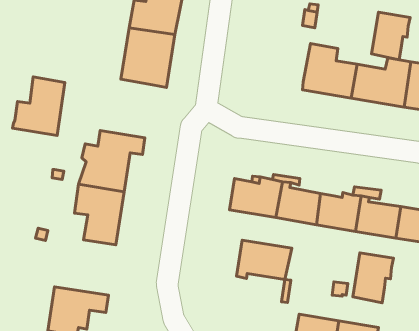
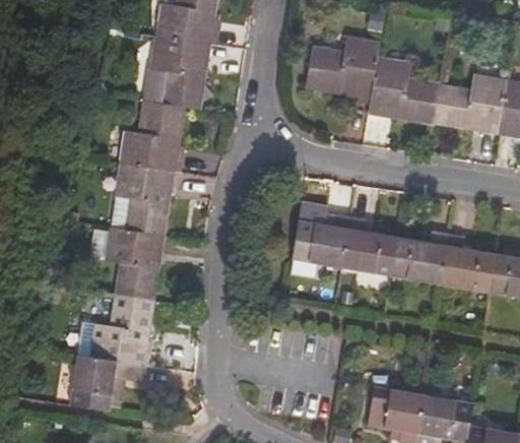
building: [372,12,410,60] -> none
building: none -> [312,41,384,101]
building: [13,77,65,135] -> [125,98,189,170]
building: none -> [69,295,144,363]
building: [237,240,292,279] -> none
building: [353,253,393,303] -> none

